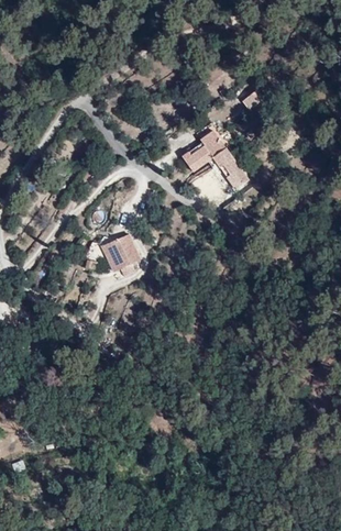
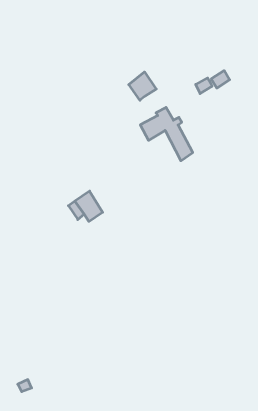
building: none -> [129,72,156,100]

